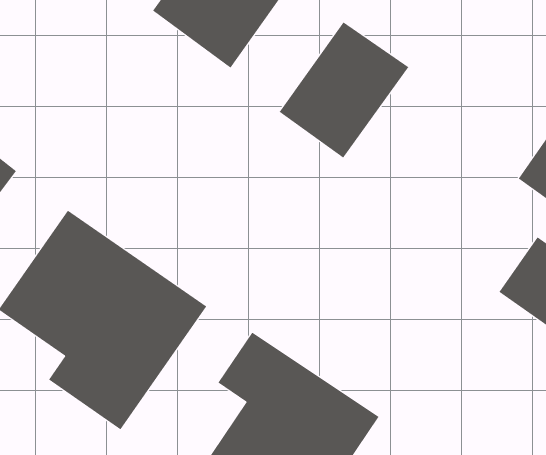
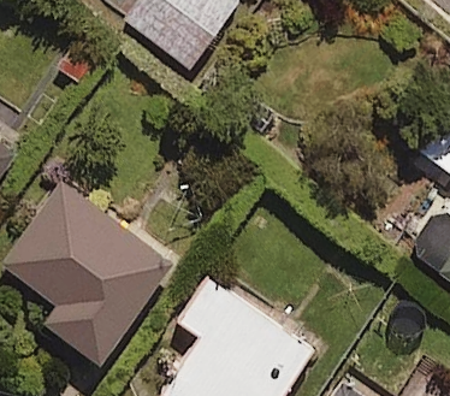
building: [279,21,409,159] -> none

